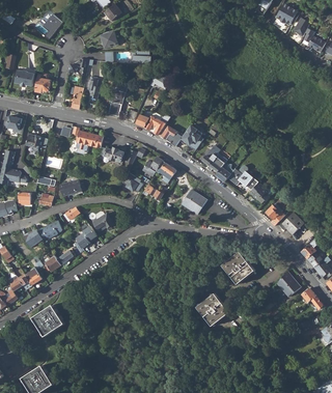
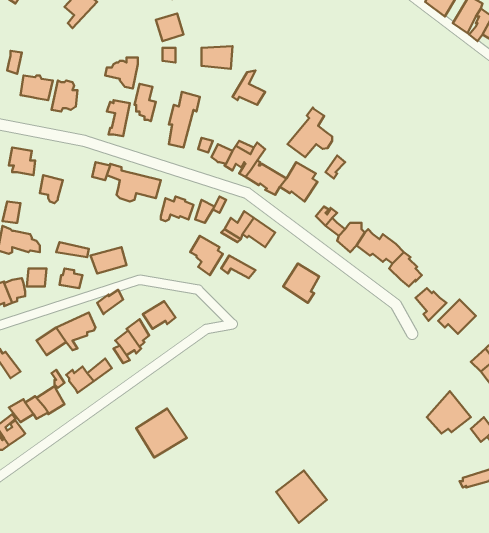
building: none -> [288,108,332,157]
building: [221,251,254,284] -> none
building: [196,293,228,327] -> [276,471,327,523]
building: [32,305,64,336] -> [136,408,187,457]

